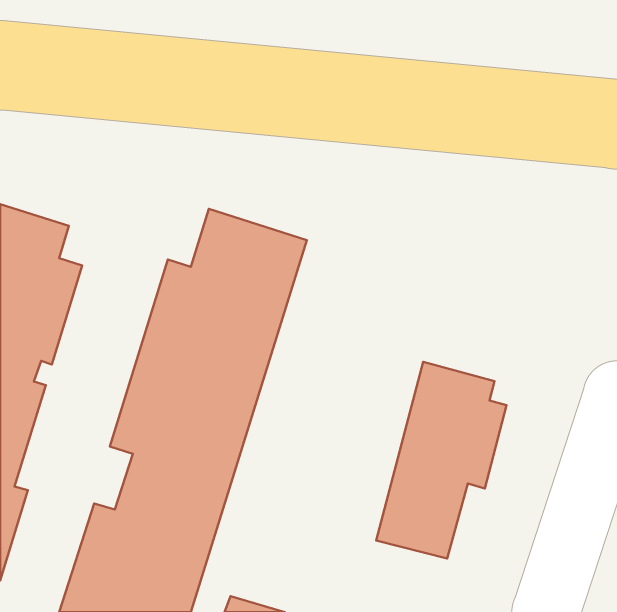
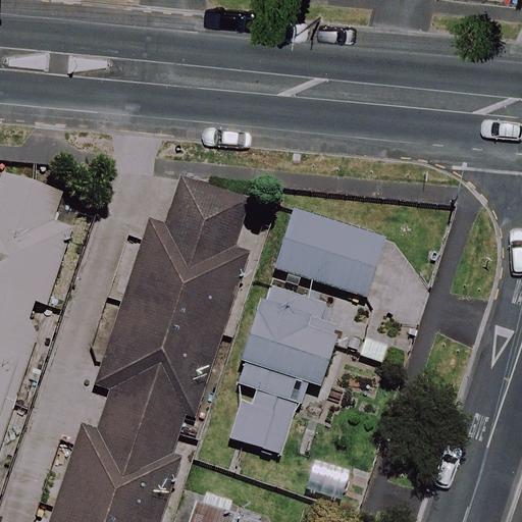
building: none -> [274,211,385,296]
building: [376,362,506,558] -> [227,288,337,454]

